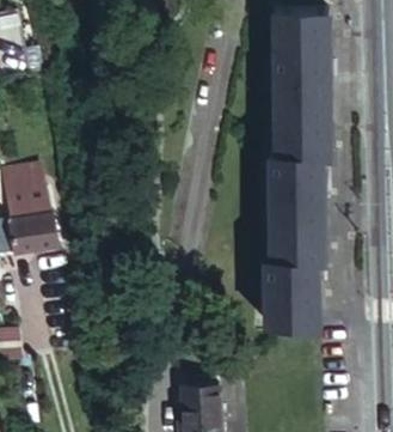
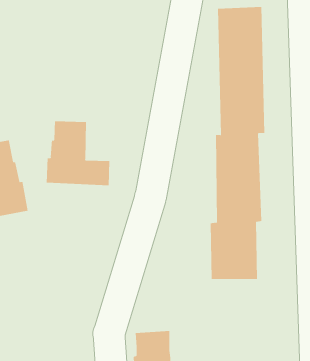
building: none -> [46,121,110,186]

